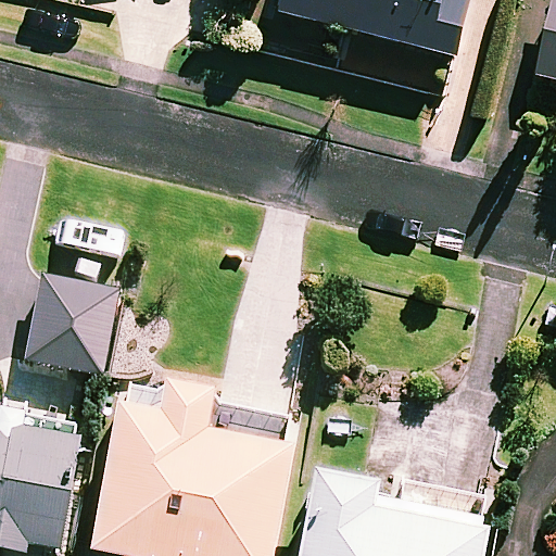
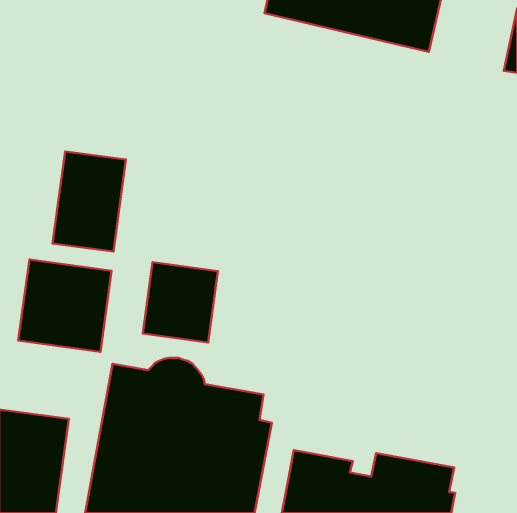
building: none -> [53,151,126,252]
building: none -> [143,262,218,342]

